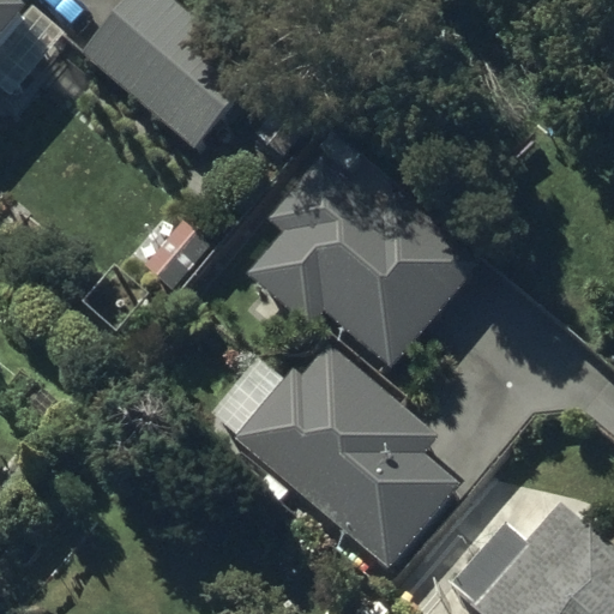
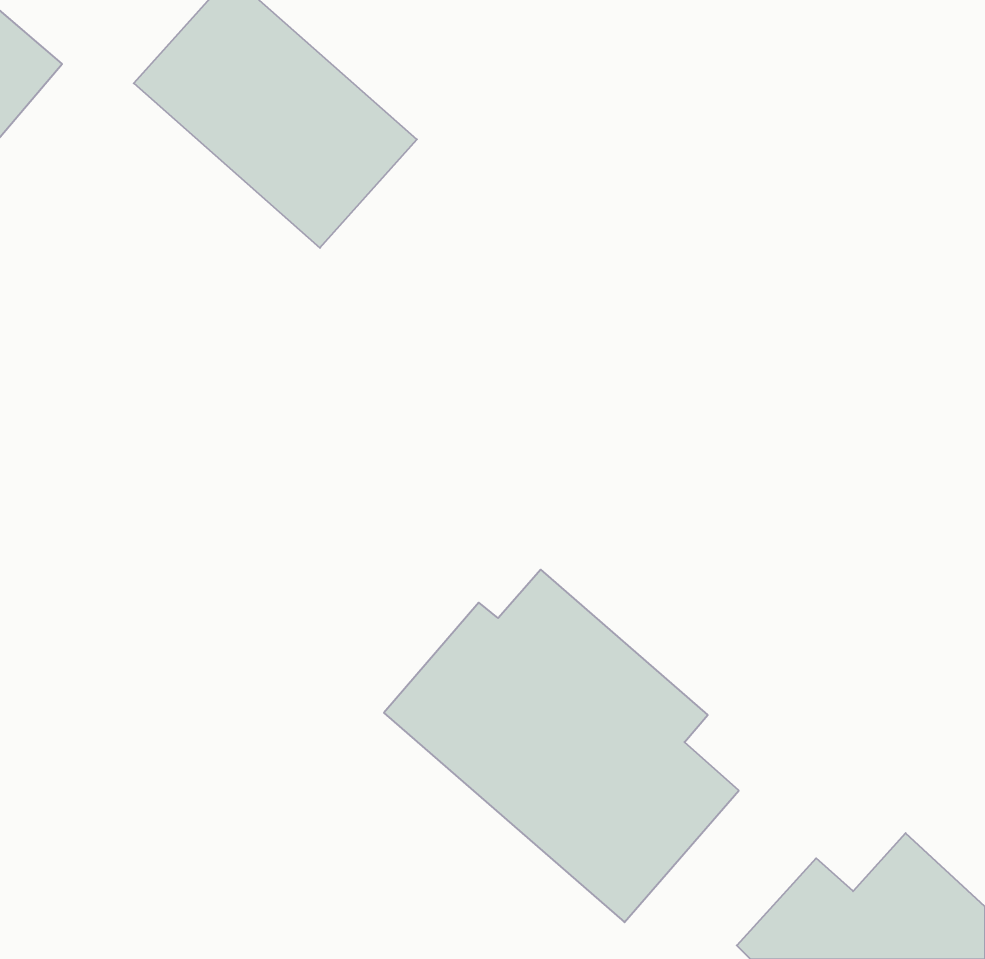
building: [252,155,475,372] -> none

